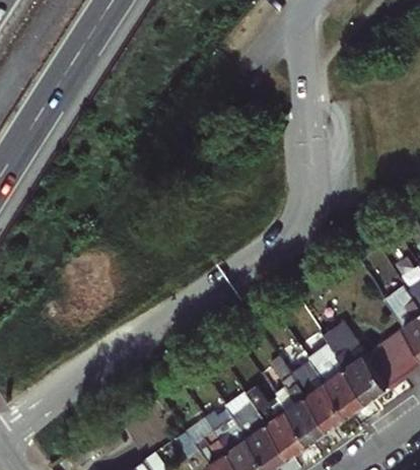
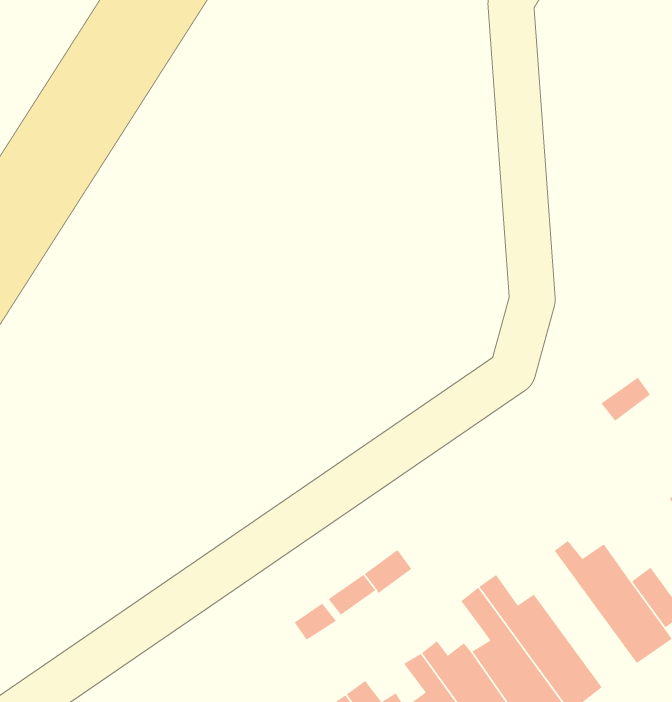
building: [312,333,370,414] -> none

